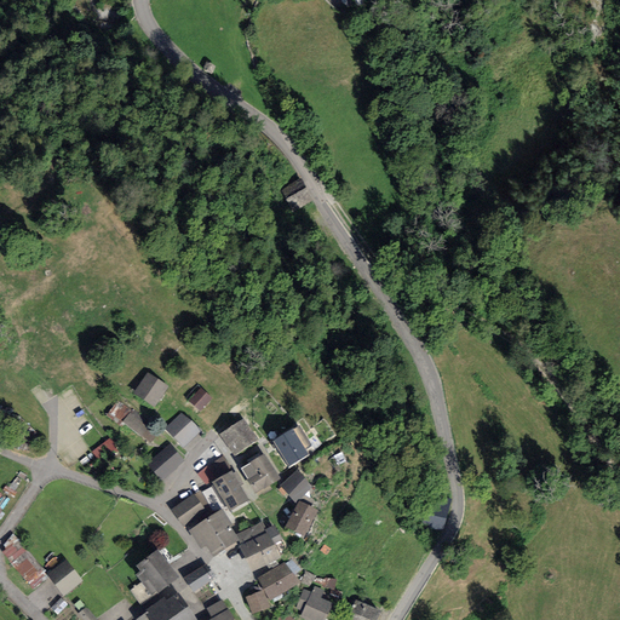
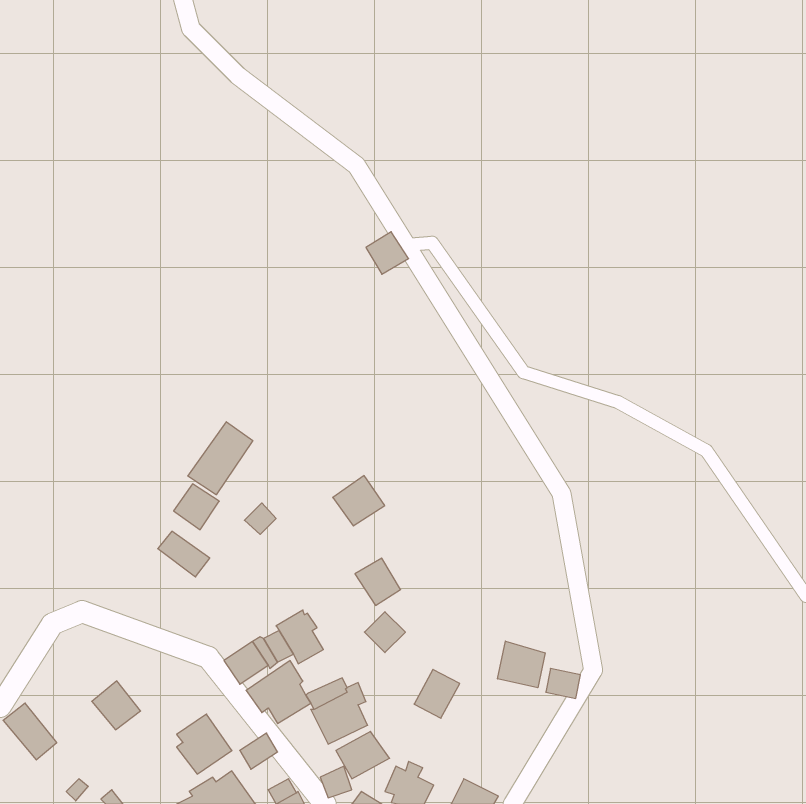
building: none -> [188,422,253,495]
building: [165,412,202,448] -> none
building: [219,417,259,455] -> [333,476,385,526]
building: [148,444,185,480] -> none
building: [241,452,280,492] -> none
building: none -> [498,641,545,688]
building: [285,499,320,536] -> [414,669,460,718]
building: [45,558,82,596] -> [92,681,141,730]

